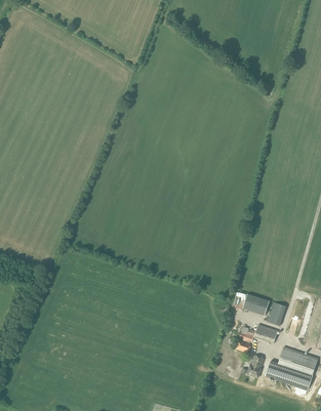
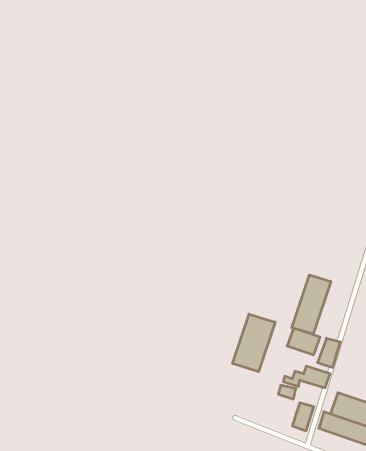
building: none -> [292,275,331,334]
building: none -> [233,314,275,372]

